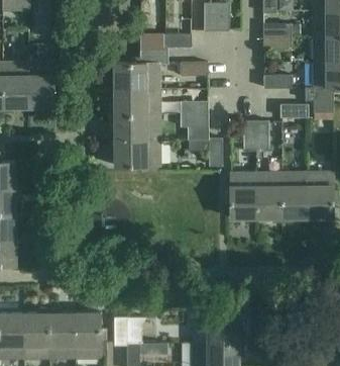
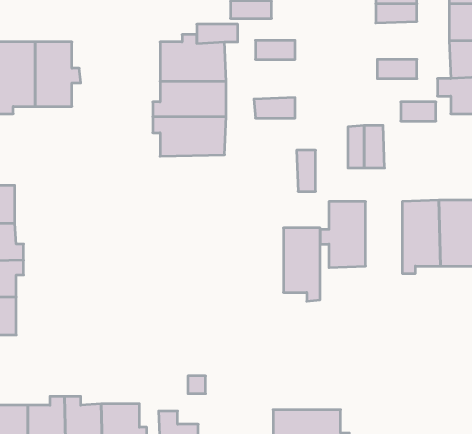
building: [181,115,209,140] -> none
building: [115,141,160,172] -> none
building: [256,173,281,223] -> [283,228,320,301]

